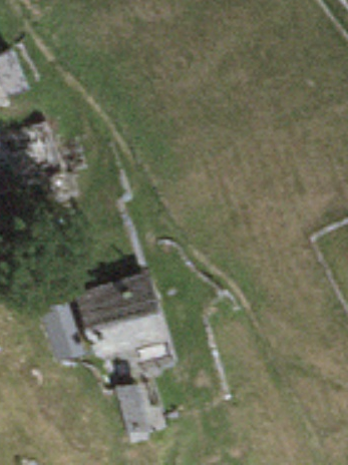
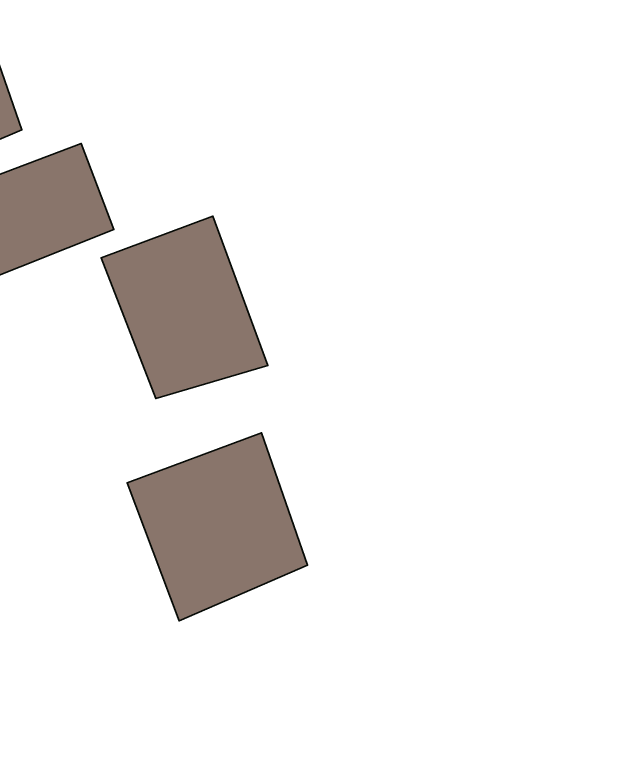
building: none -> [101,216,268,399]

